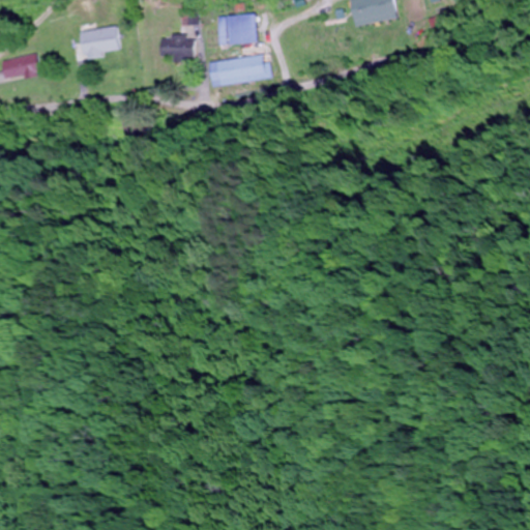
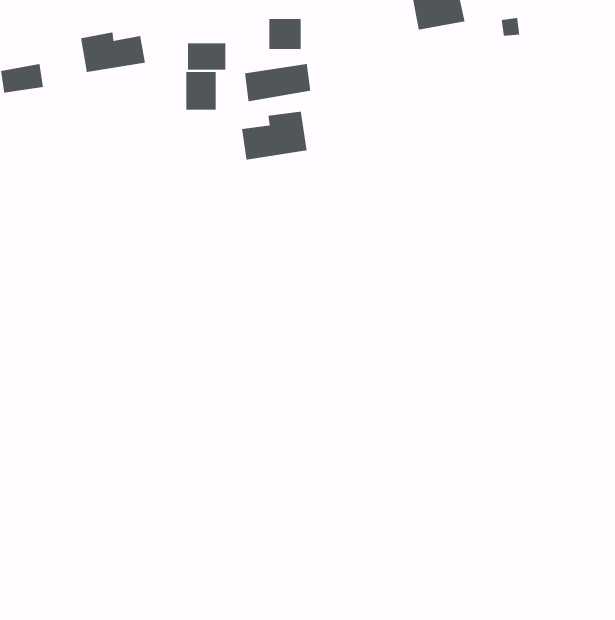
building: none -> [185,71,217,110]
building: none -> [241,111,307,160]

